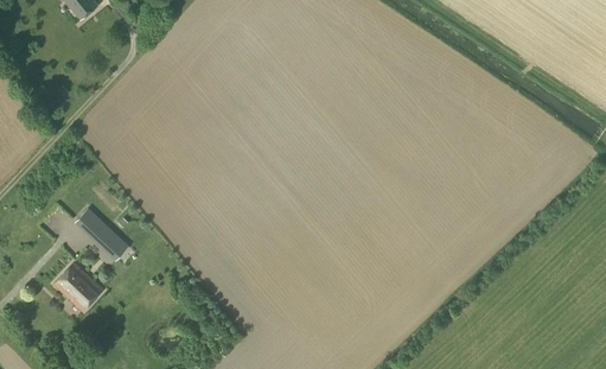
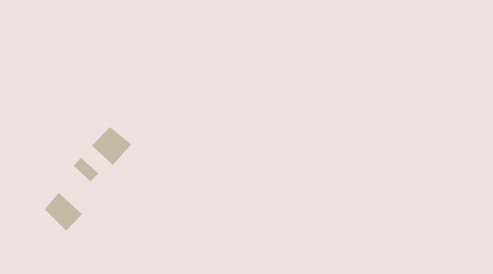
building: none -> [91,126,132,166]

